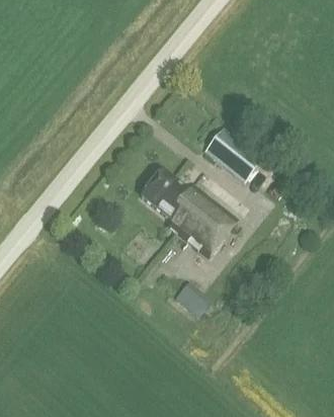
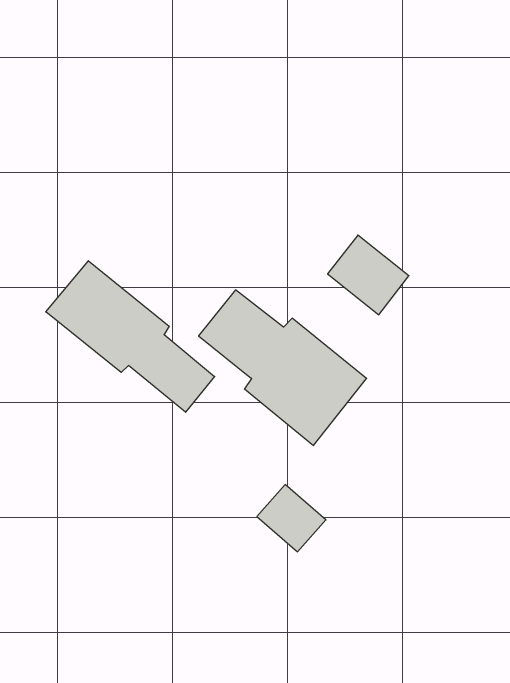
building: none -> [46,261,215,412]

